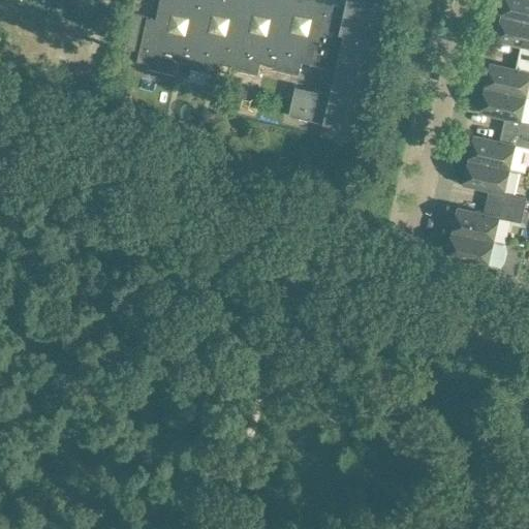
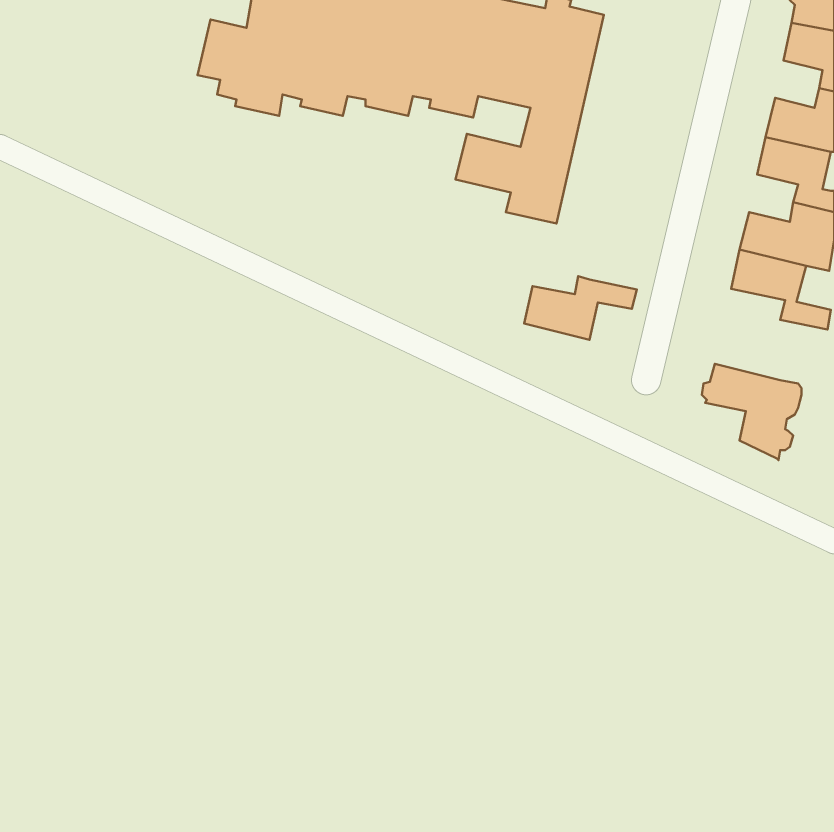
building: [453,200,524,241] -> [524,276,637,340]

